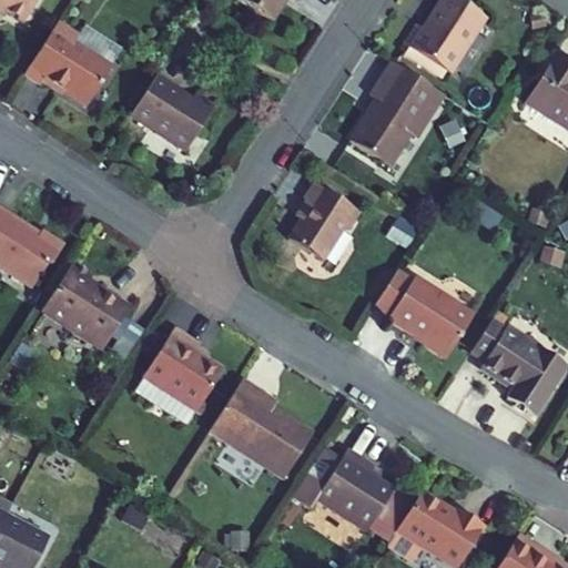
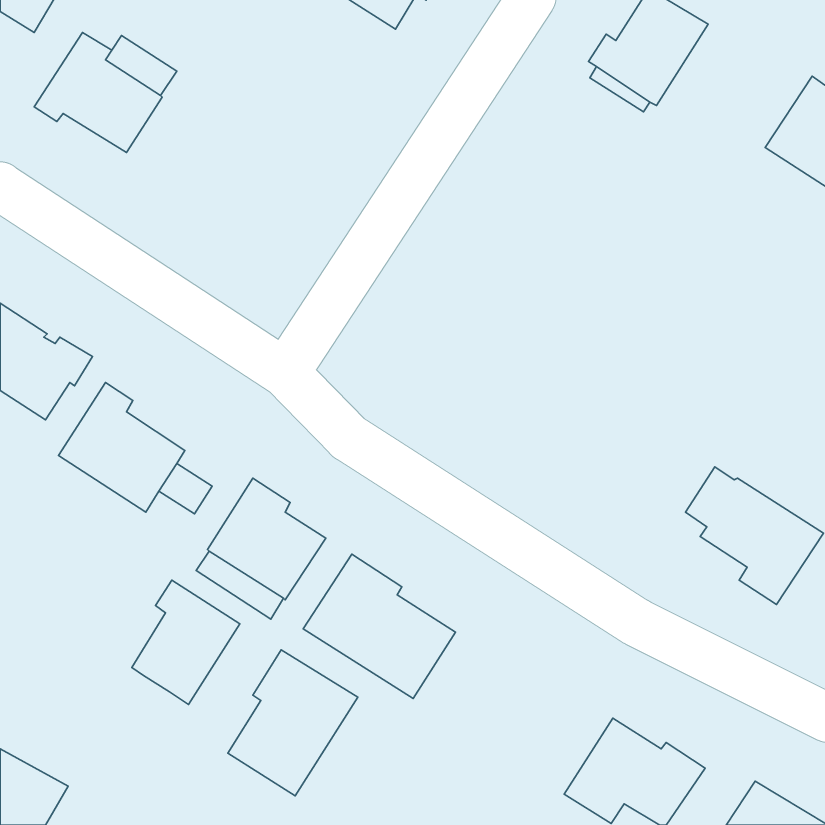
building: [351,62,444,165] -> none
building: [131,74,216,151] -> none
building: [290,183,361,260] -> none
building: [375,268,475,359] -> none
building: none -> [132,580,240,705]
building: none -> [228,650,358,796]
building: [294,447,395,530] -> none

